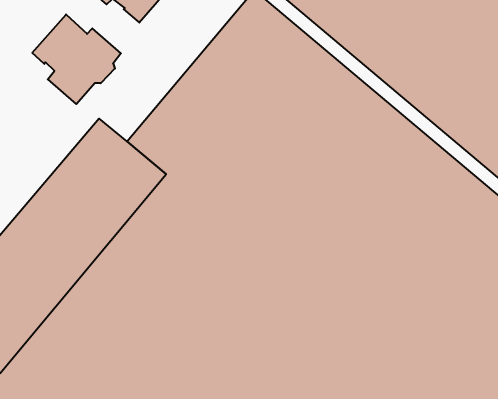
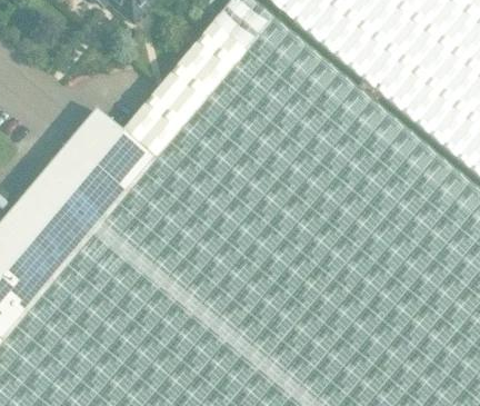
building: [32,14,121,104] -> none

